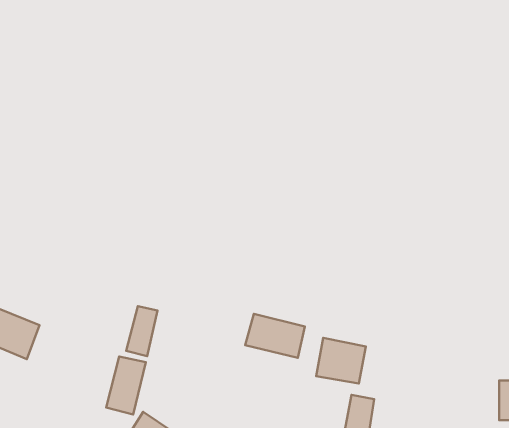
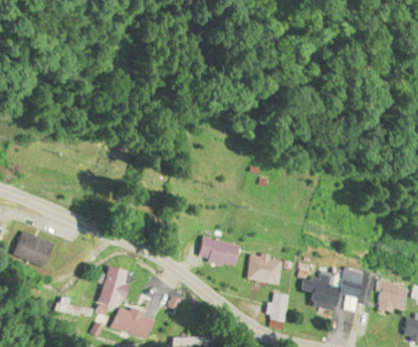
building: [126,306,158,356] -> none
building: none -> [311,268,363,312]

